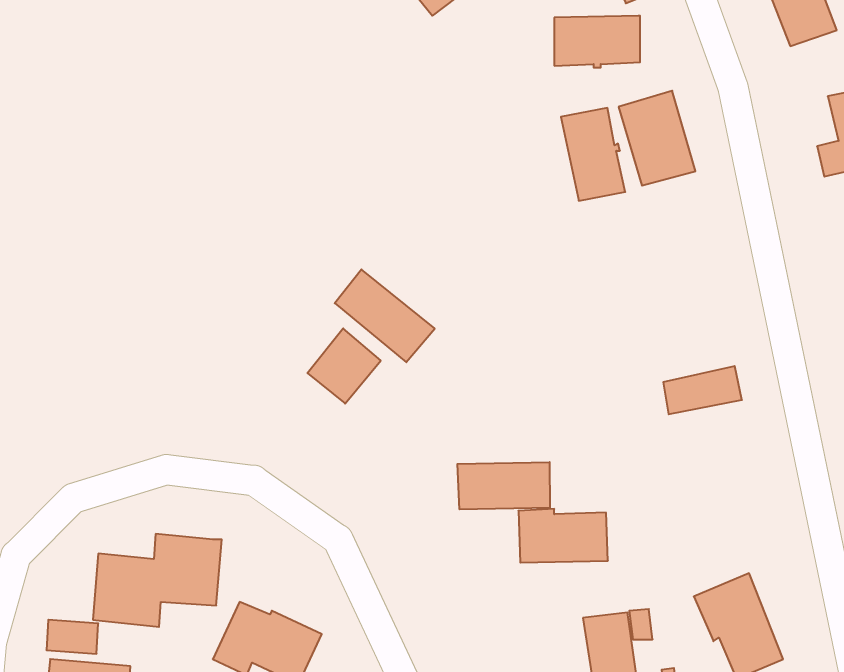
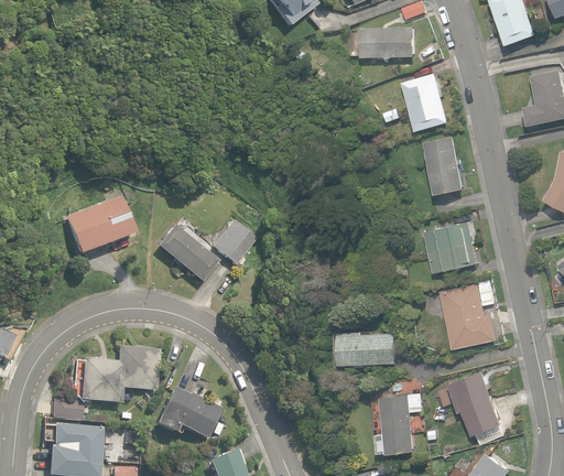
building: [561,108,625,201] -> [425,137,465,194]
building: [335,269,435,362] -> [155,225,217,282]
building: none -> [64,197,132,255]
building: none -> [423,221,474,252]
building: none -> [441,282,498,349]
building: [457,462,550,509] -> none

